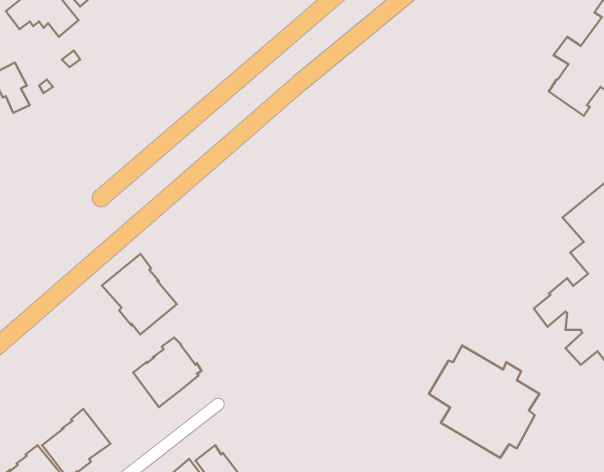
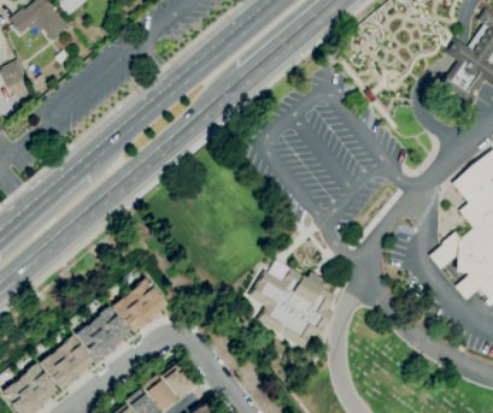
building: [102,254,177,335] -> none
building: [429,345,540,458] -> [248,259,336,348]
building: none -> [74,306,130,361]

